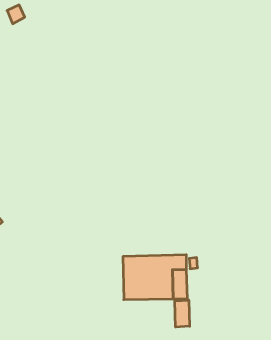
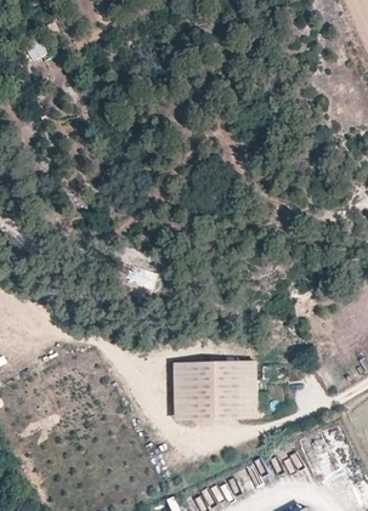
building: [175,300,190,327] -> none

